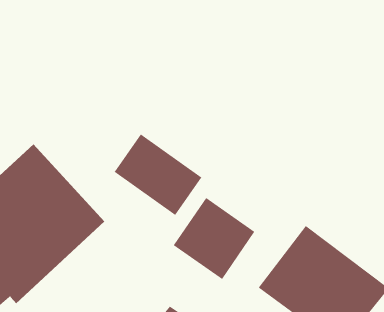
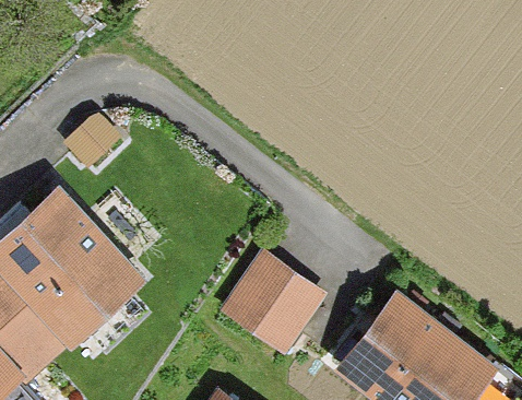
building: [114,134,202,216] -> none

